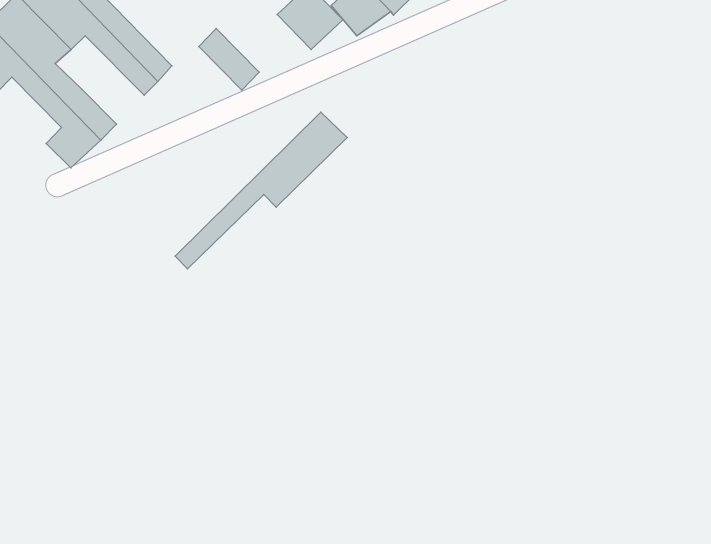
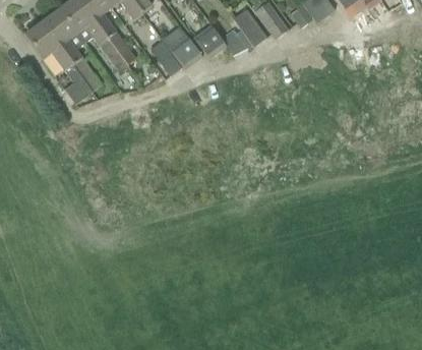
building: none -> [169,36,200,67]
building: [175,112,347,269] -> none

